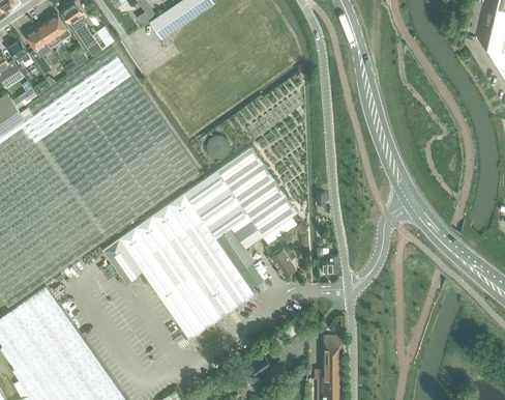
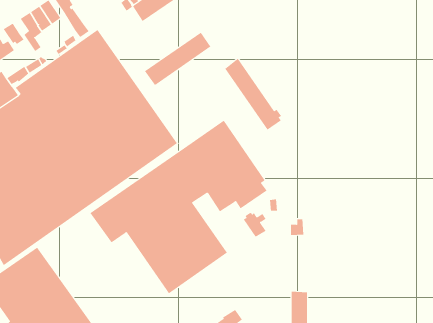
building: none -> [144,32,211,86]
building: none -> [224,58,282,131]
building: [216,228,263,289] -> none

